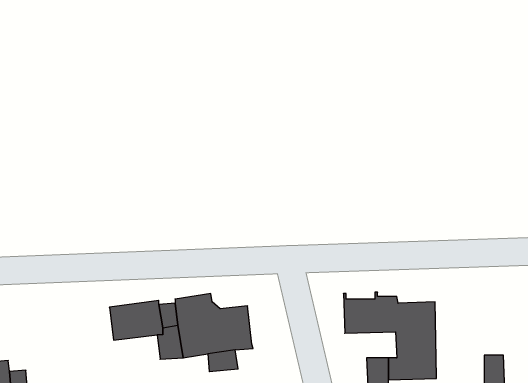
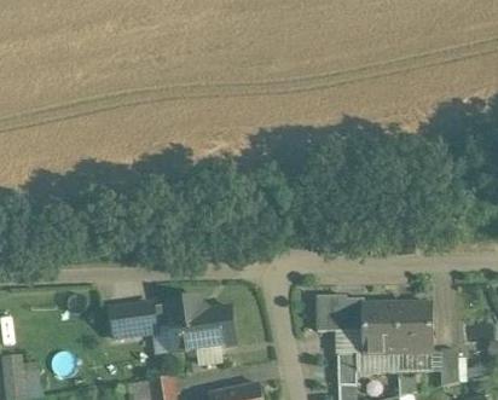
building: none -> [398,303,434,370]

